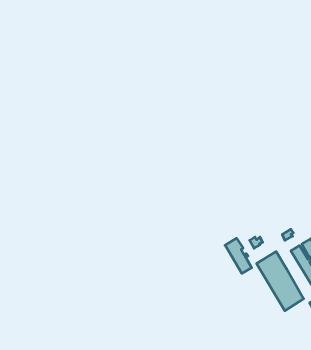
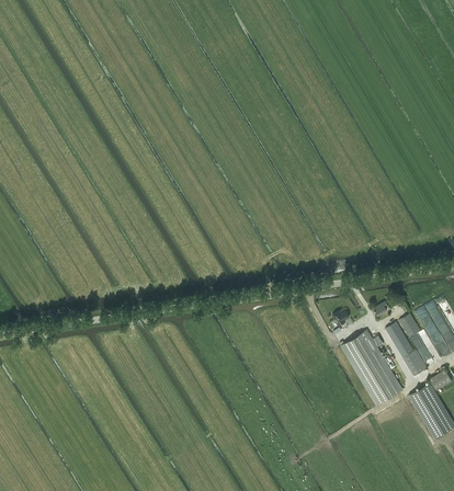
building: [225,238,252,273] -> none

